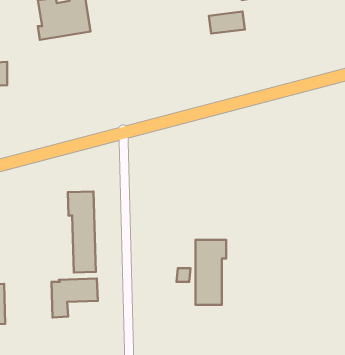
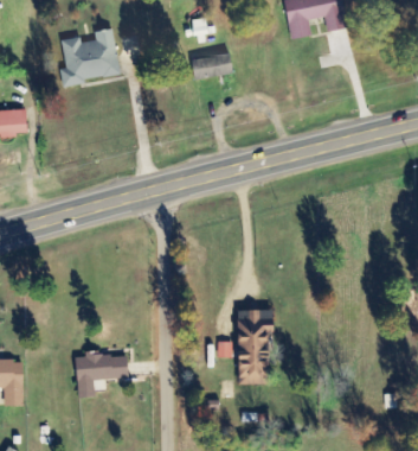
building: [209,12,245,34] -> [192,52,232,77]
building: [68,192,96,272] -> none

